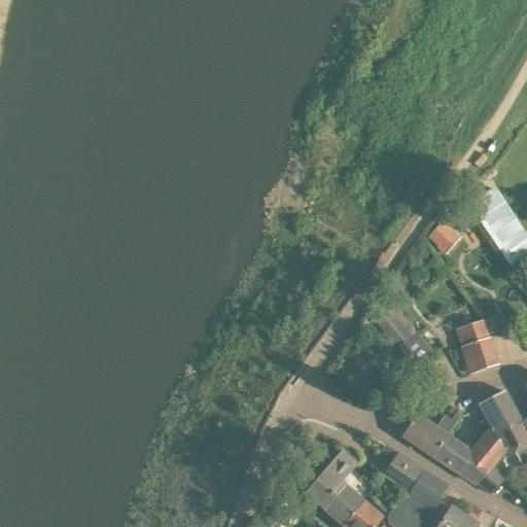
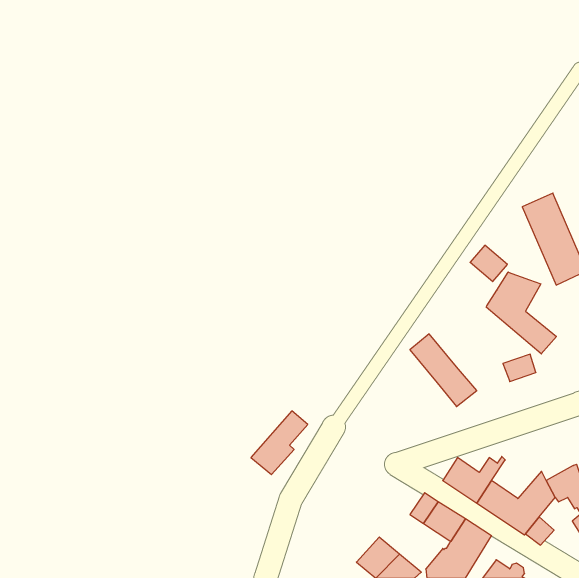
building: none -> [486,272,556,354]
building: [462,338,498,374] -> none
building: [479,390,521,435] -> none
building: [306,452,357,510] -> [251,411,308,475]

